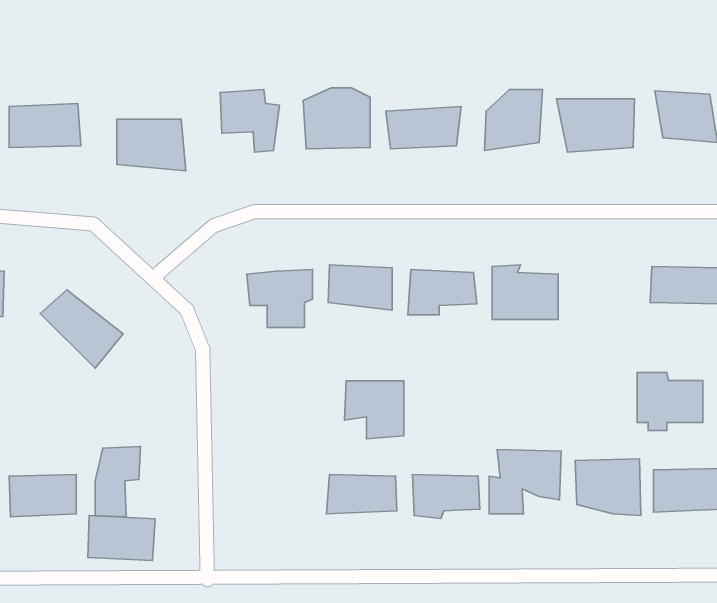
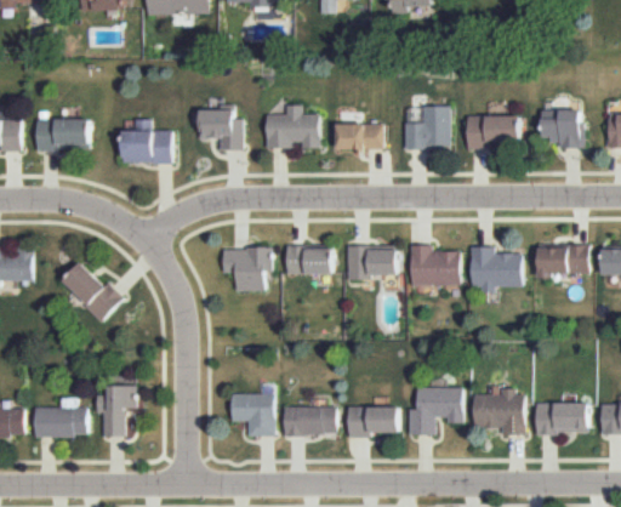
building: [637,373,703,430] -> [468,246,519,291]
building: [345,381,404,439] -> [229,393,275,438]
building: [88,516,155,561] -> none

